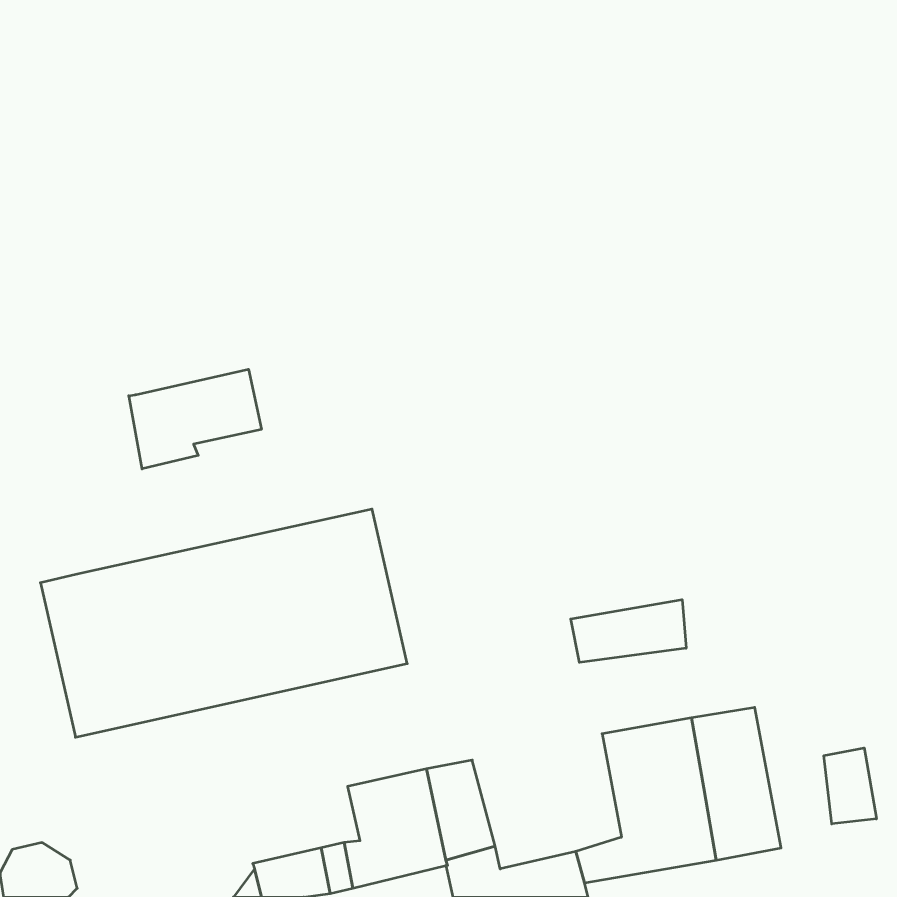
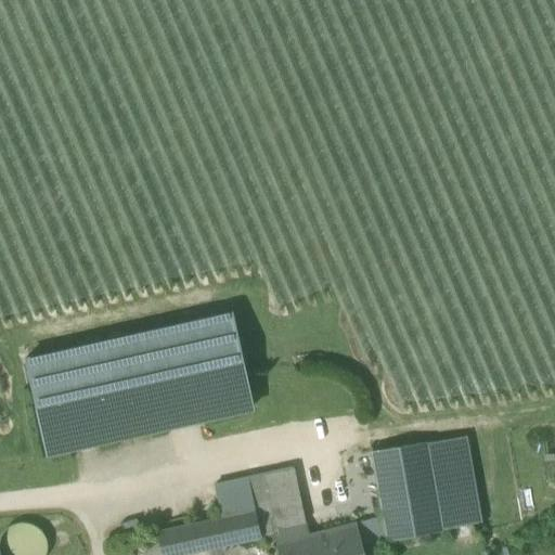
building: [129,369,261,469] -> none
building: [571,600,686,662] -> none
building: [824,748,876,824] -> none

